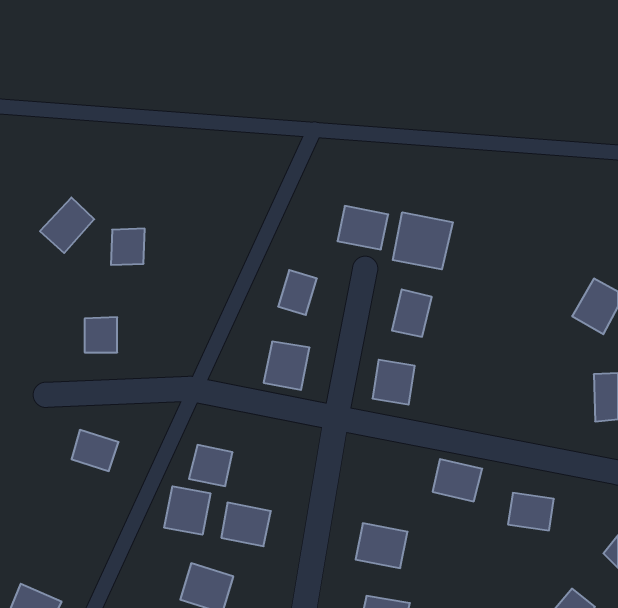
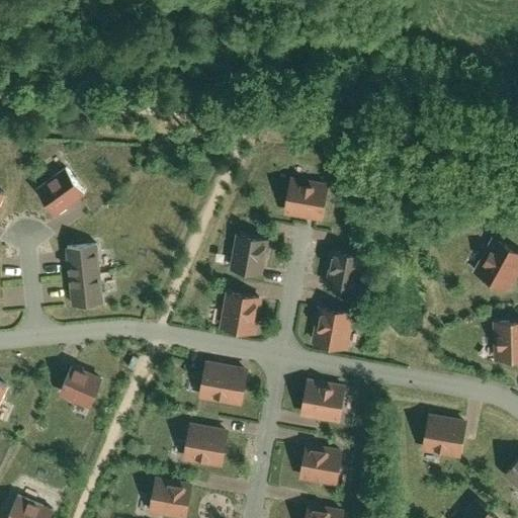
building: [393,212,453,269] -> none
building: [111,229,145,265] -> [71,245,99,275]
building: [189,445,233,486] -> [200,368,237,403]
building: [433,459,482,501] -> [301,383,343,419]
building: [164,486,210,535] -> none

